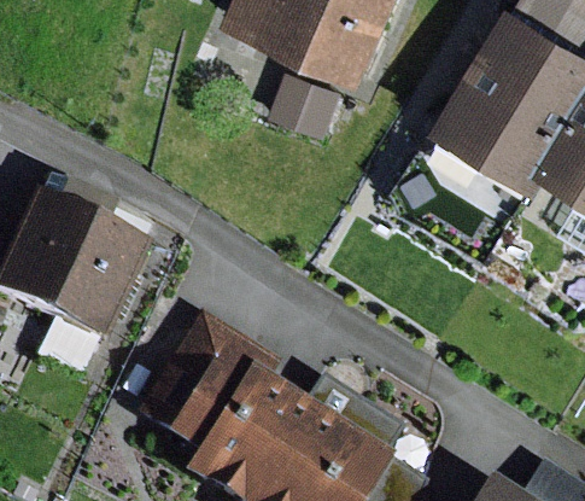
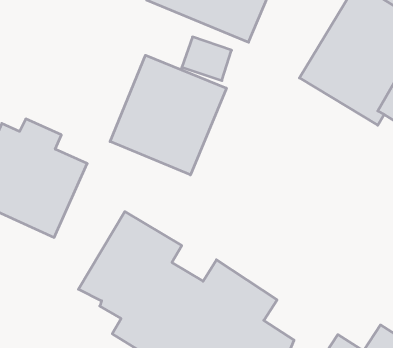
building: none -> [110,55,226,175]

